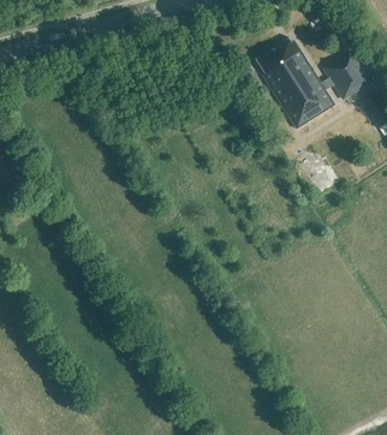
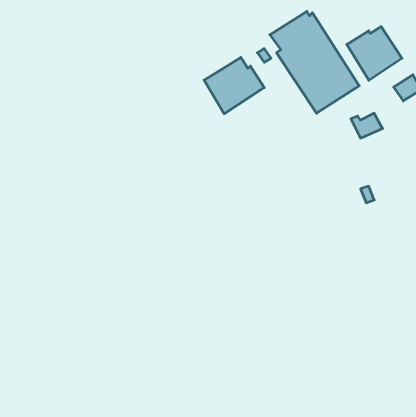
building: none -> [204,57,264,114]

